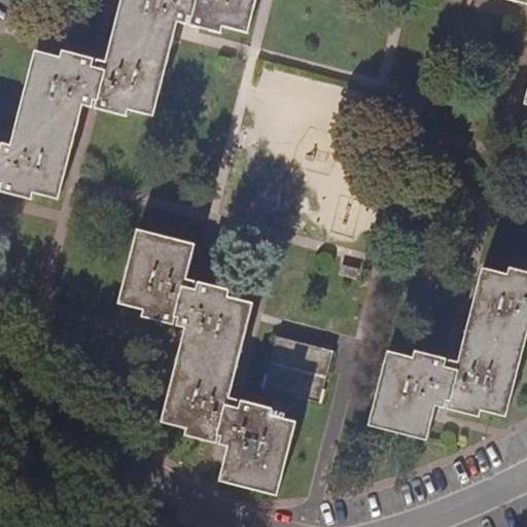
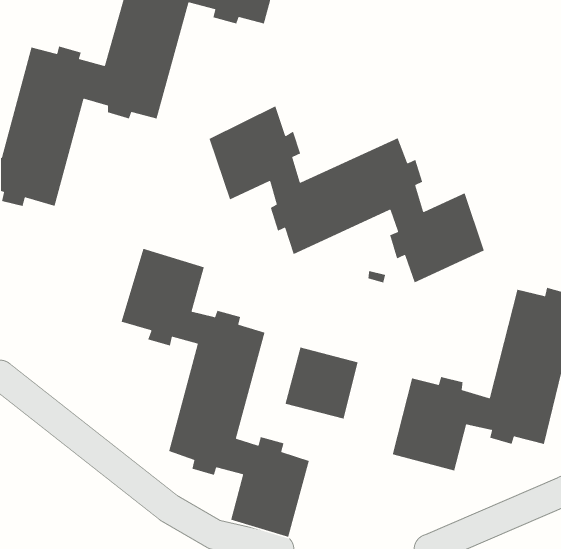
building: none -> [209,105,485,283]

